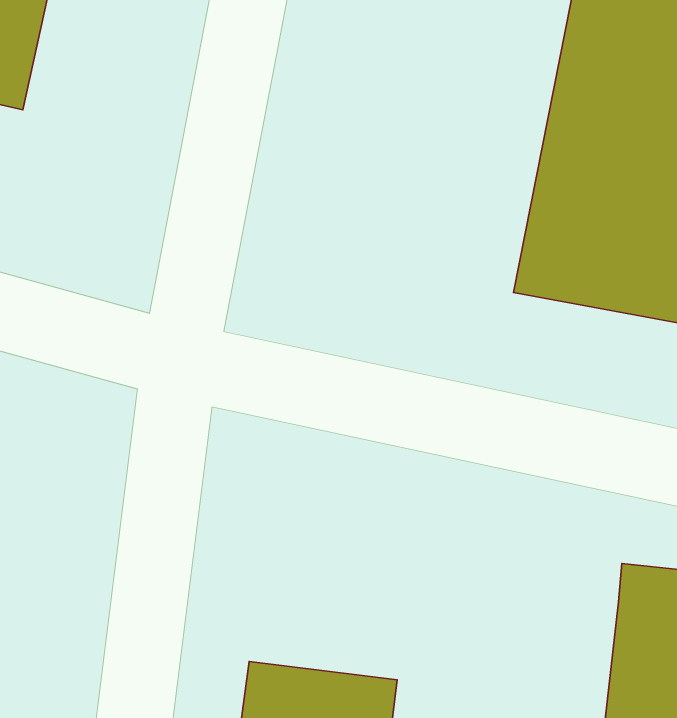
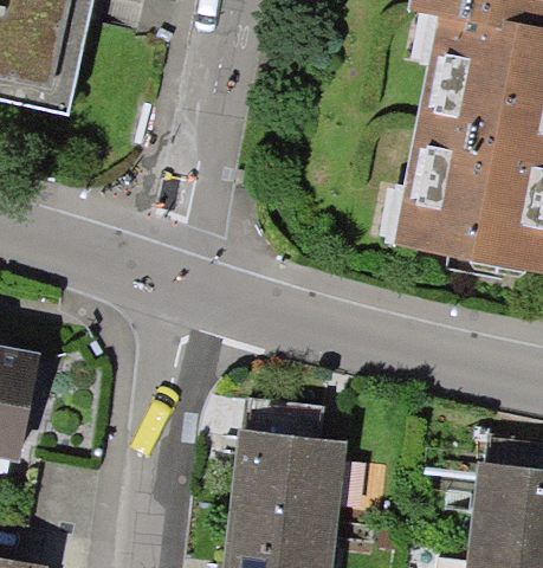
building: none -> [228,399,343,523]

